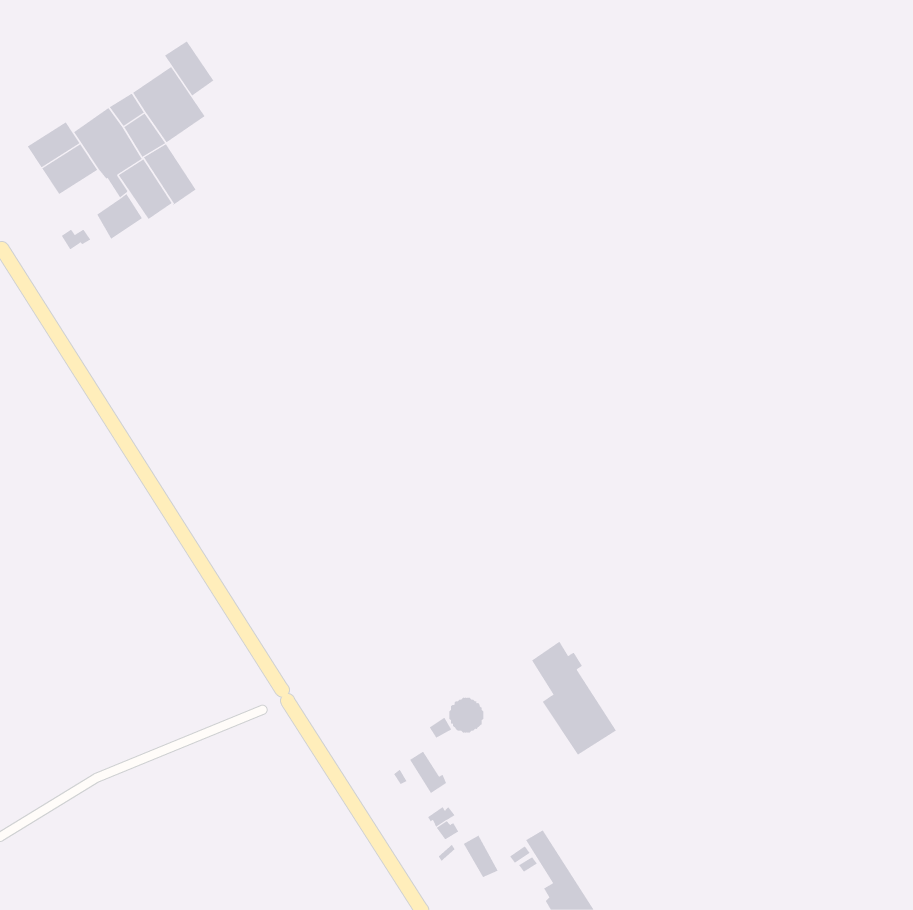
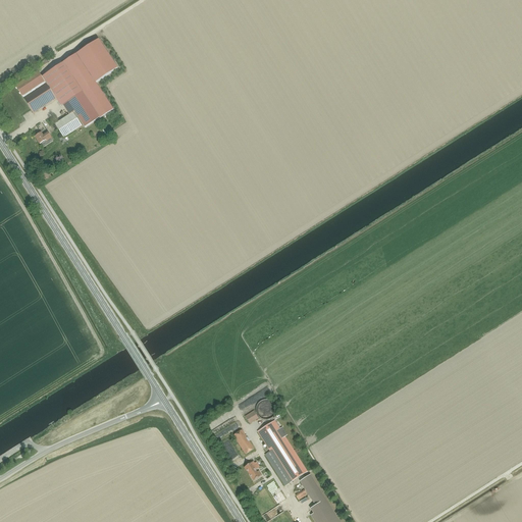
building: [163,41,214,97] -> none
building: [531,641,617,755] -> [258,419,307,484]

